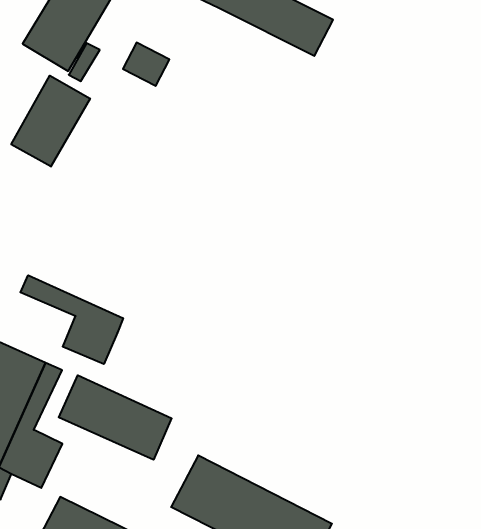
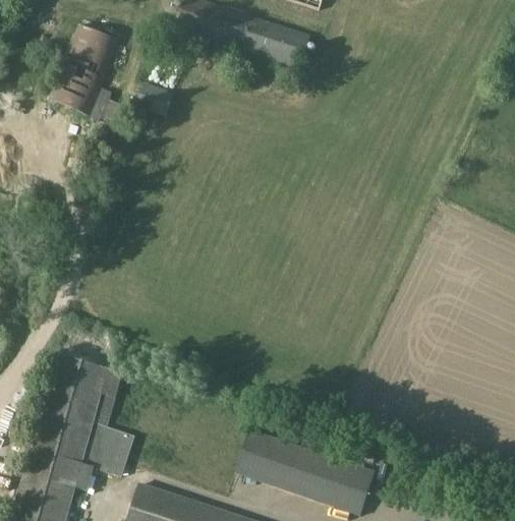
building: [11,76,90,167] -> none
building: [20,275,123,364] -> none
building: [59,375,172,460] -> none

